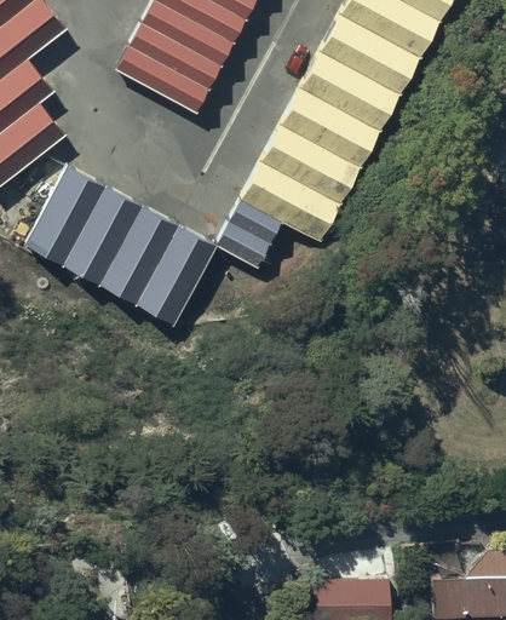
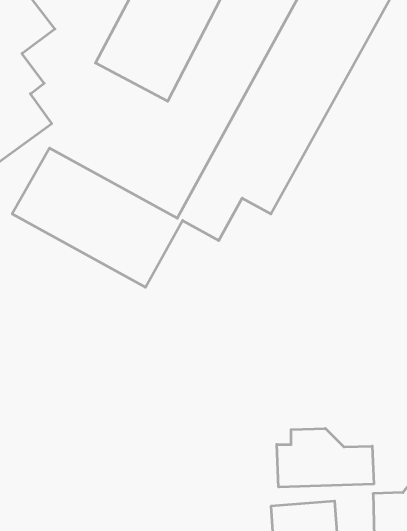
building: none -> [277,428,374,487]

